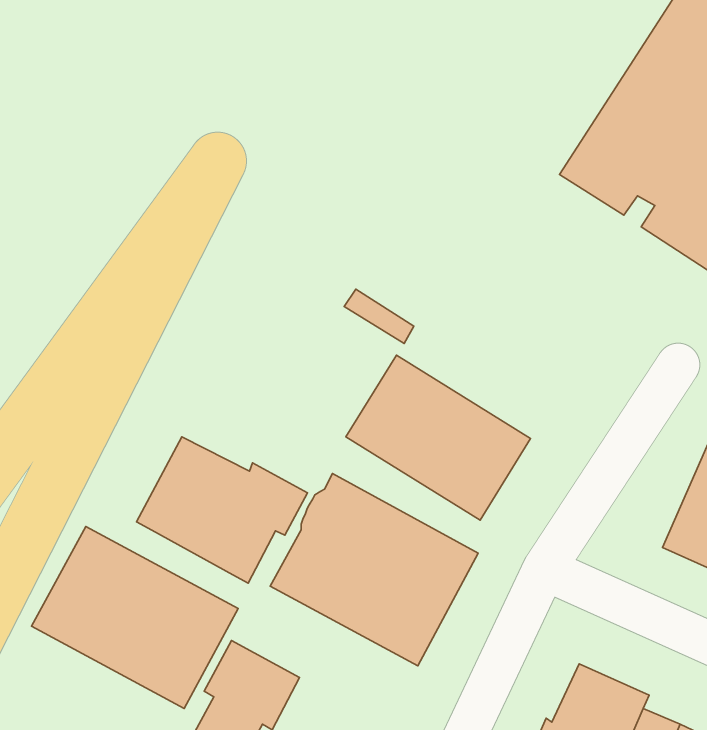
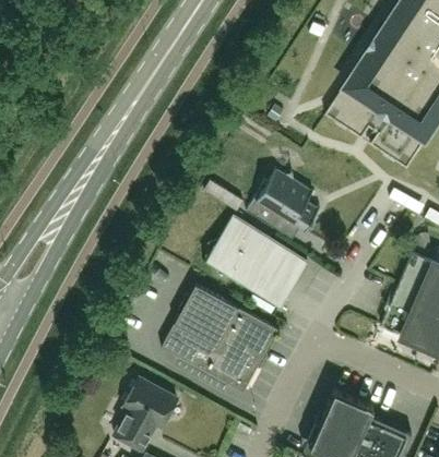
building: none -> [246,168,319,231]
building: [136,437,307,583] -> none
building: [32,526,238,708] -> none

